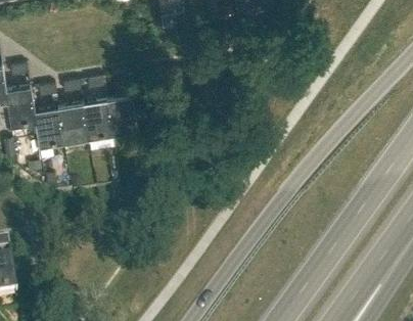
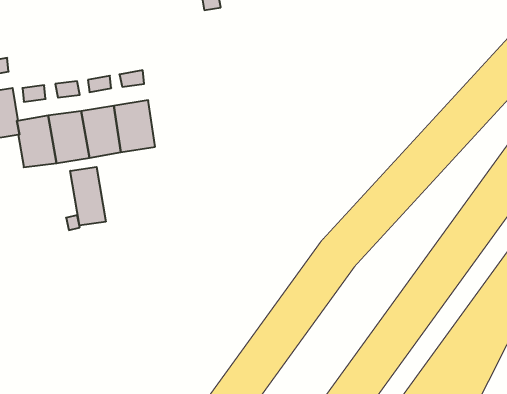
building: none -> [70,167,106,226]

